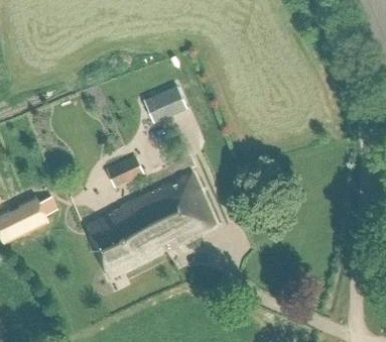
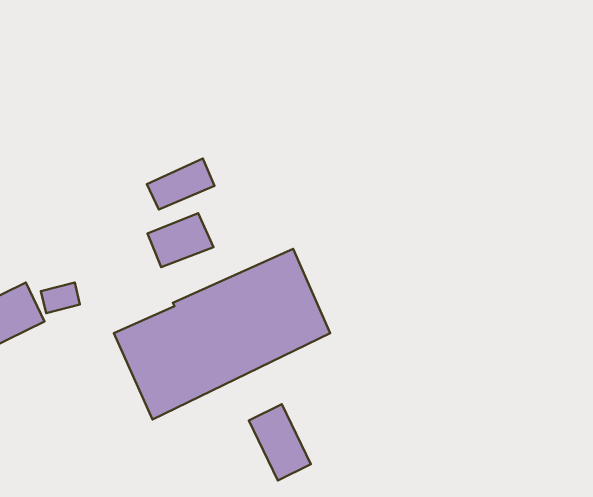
building: [145,89,185,119] -> [147,159,215,209]
building: none -> [249,404,311,481]

